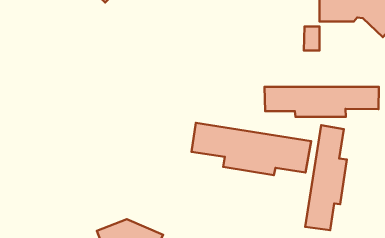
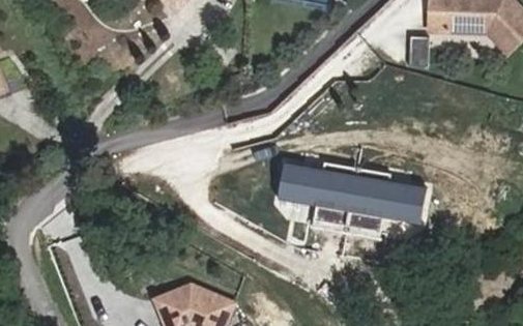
building: [265,87,379,117] -> none
building: [305,125,347,230] -> none

